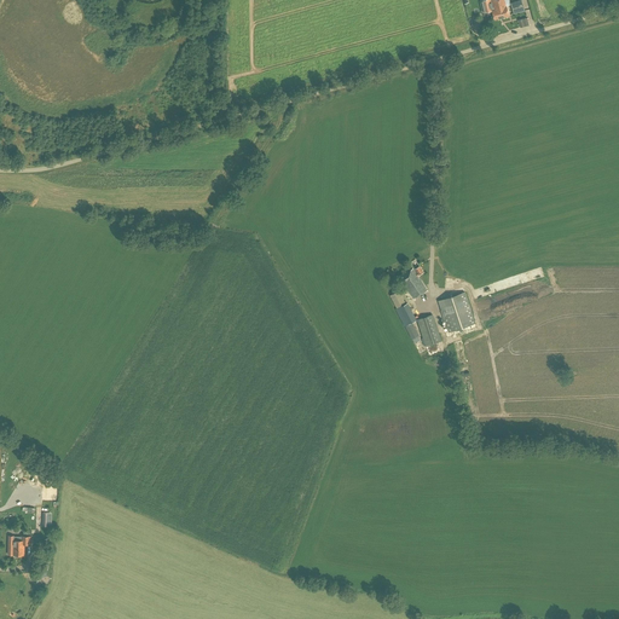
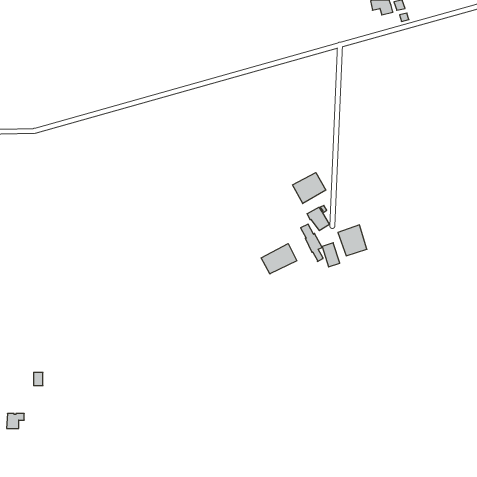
building: none -> [293,173,326,204]
building: none -> [261,244,297,274]

